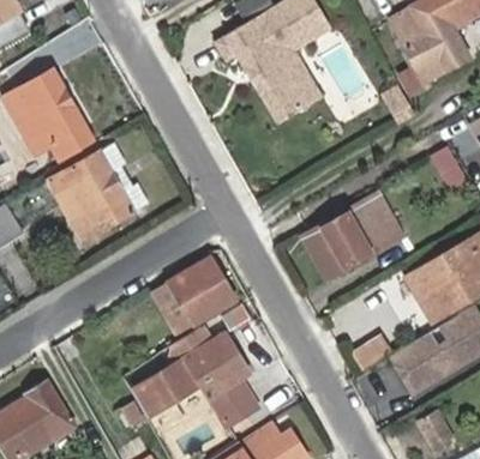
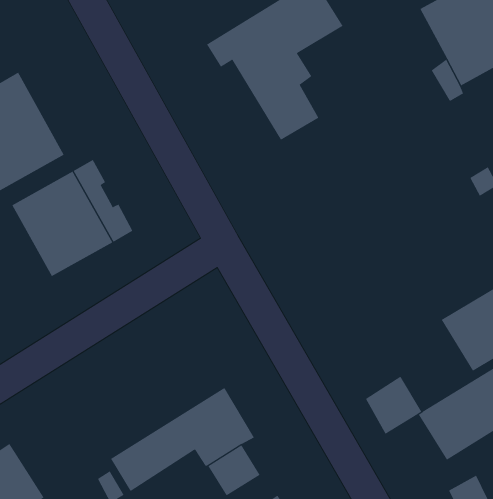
building: [306,194,402,277] -> none
building: [167,254,236,325] -> none

